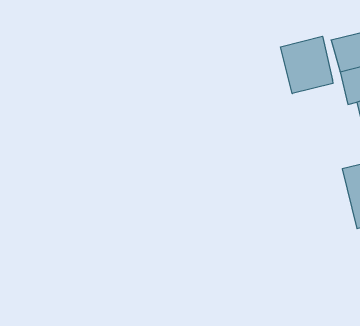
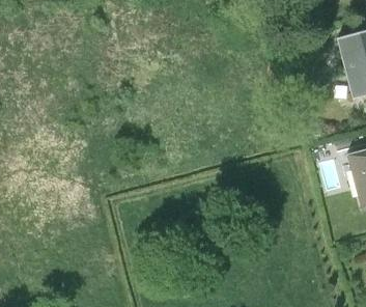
building: [281,36,333,94] -> none

